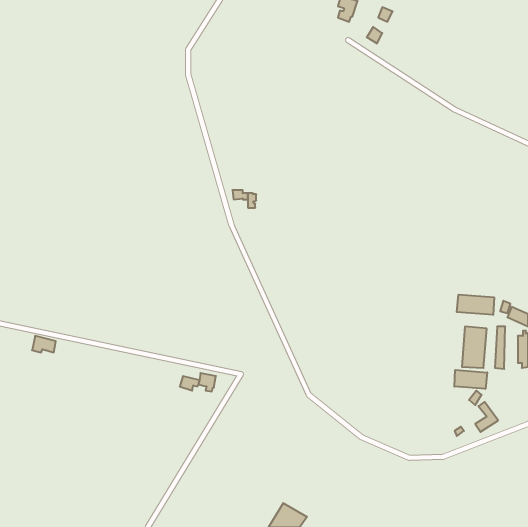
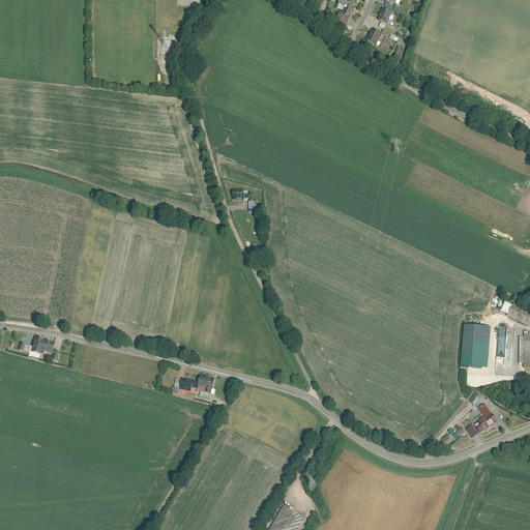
building: [457,295,494,315] -> none
building: [454,370,487,389] -> none

